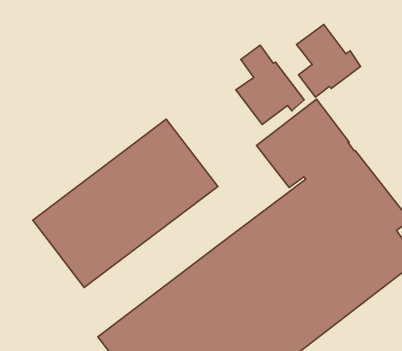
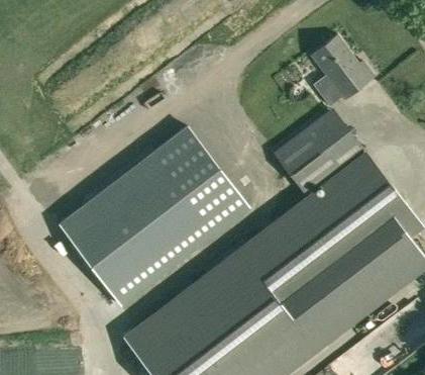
building: [236,45,304,125] -> none

